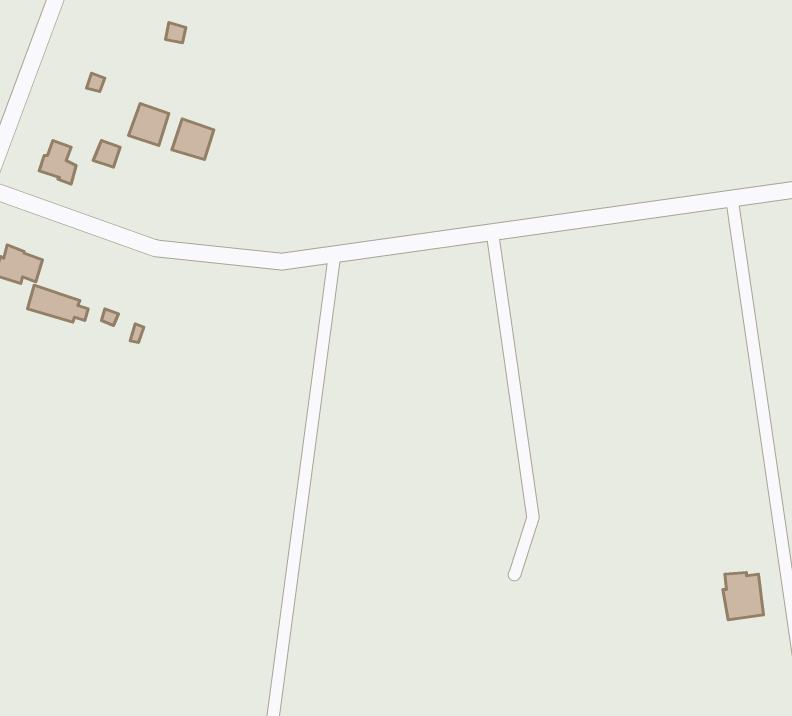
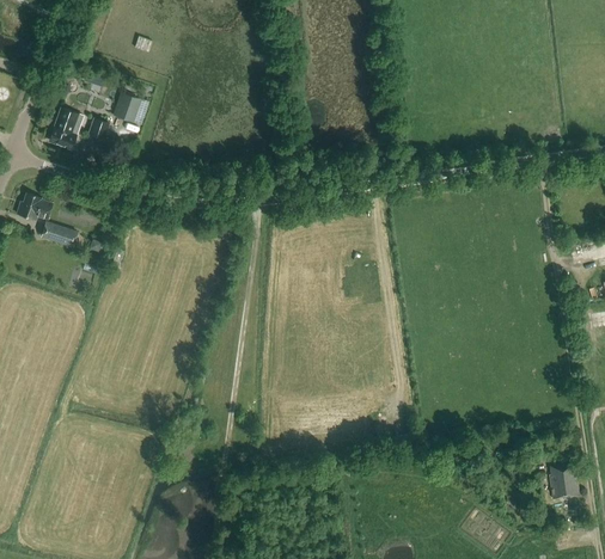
building: [172,119,214,160] -> none
building: [723,573,763,620] -> [550,465,579,498]

